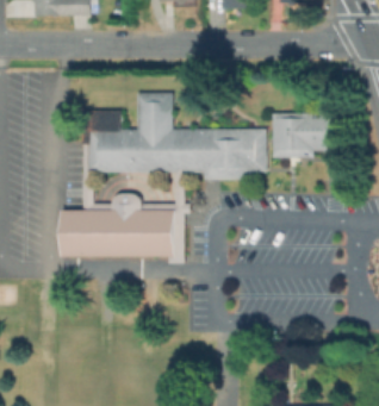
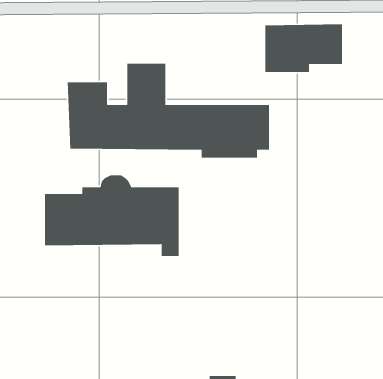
building: [273,113,343,157] -> [265,24,343,73]

